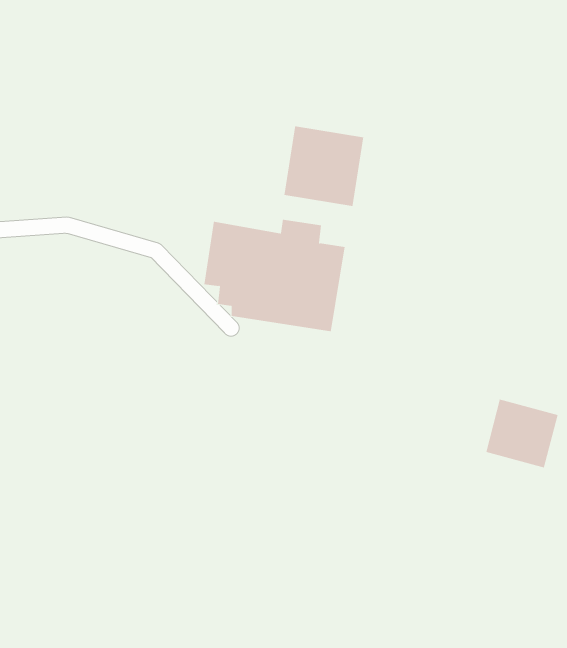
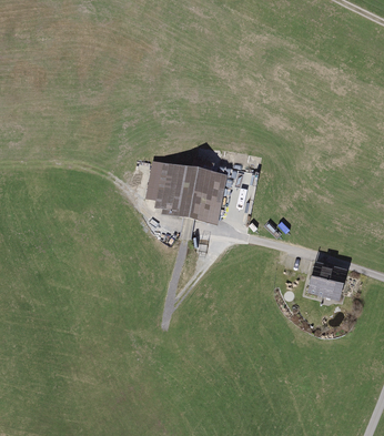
building: [284,126,364,207] -> none

